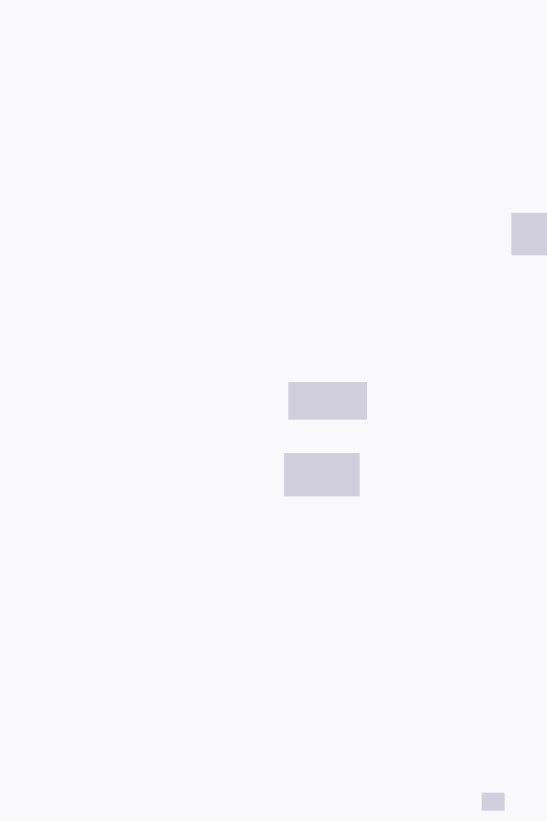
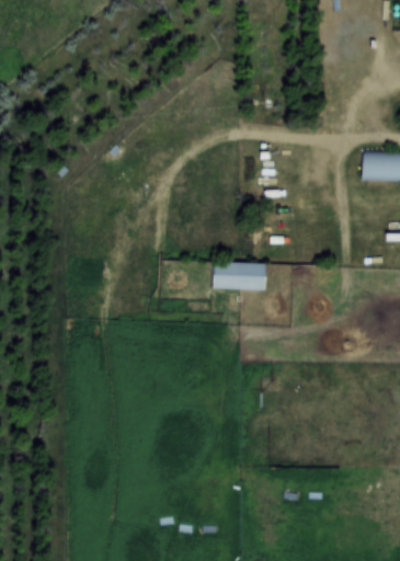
building: [283,452,361,497] -> none

